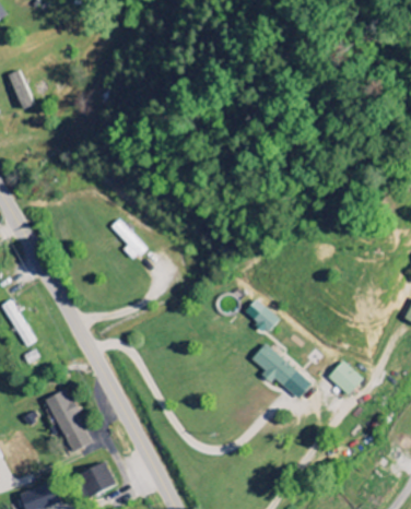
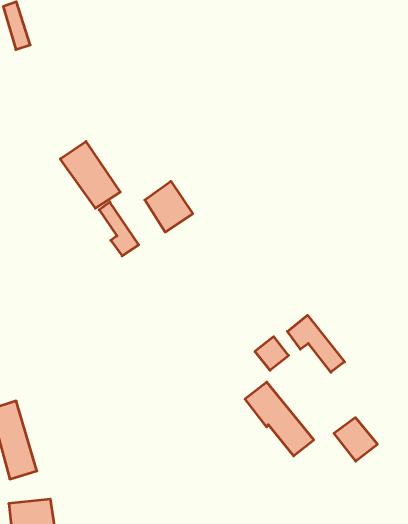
building: none -> [60,141,120,208]
building: none -> [145,181,193,232]
building: none -> [287,315,345,372]

